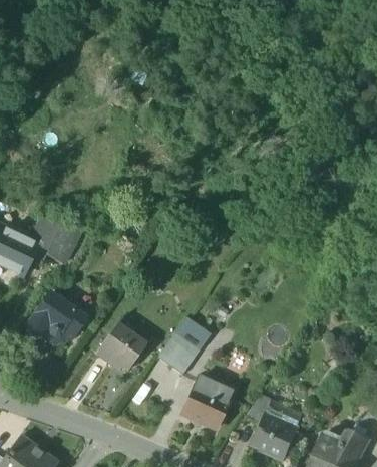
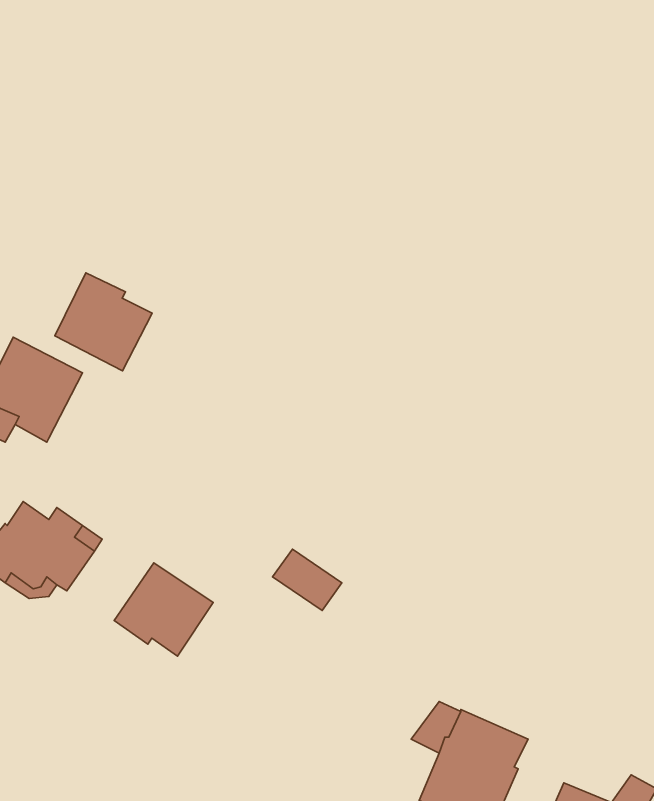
building: none -> [55,273,152,371]
building: [157,331,201,376] -> none
building: [181,378,231,429] -> none

